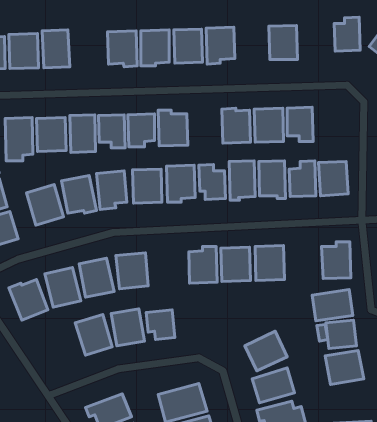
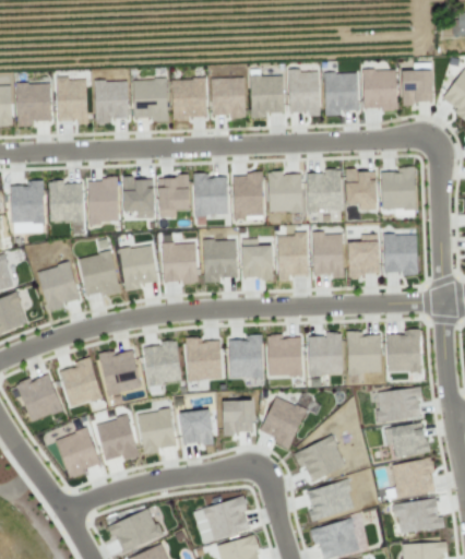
building: none -> [362,69,397,109]
building: none -> [288,70,320,116]
building: none -> [94,80,129,121]
building: none -> [381,168,416,210]
building: none -> [233,173,263,217]
building: none -> [347,330,381,373]
building: none -> [187,336,222,380]
building: none -> [260,395,312,445]
building: none -> [223,400,253,433]
building: none -> [56,427,100,476]
building: none -> [395,497,444,533]

